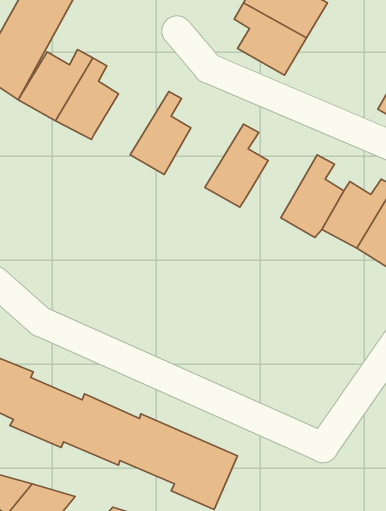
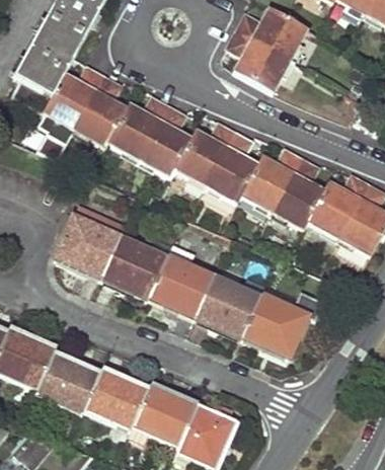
building: none -> [108,96,173,159]
building: none -> [173,126,238,187]
building: none -> [240,153,302,214]
building: none -> [58,215,306,354]

